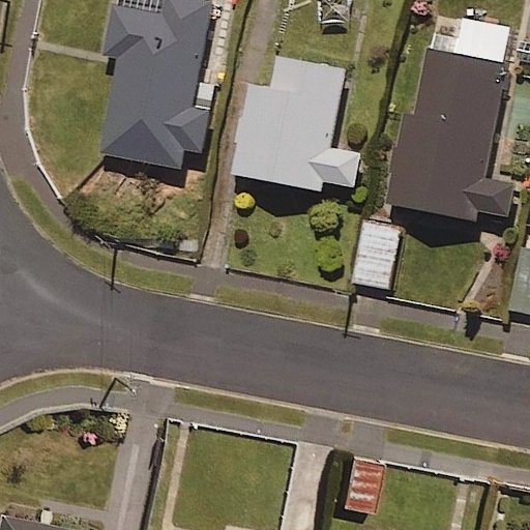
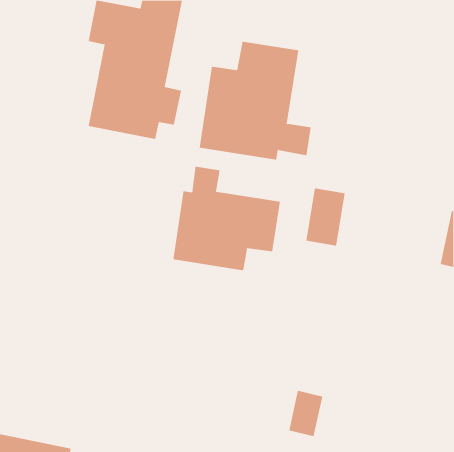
building: [388,14,514,220] -> none
building: none -> [173,166,281,271]

